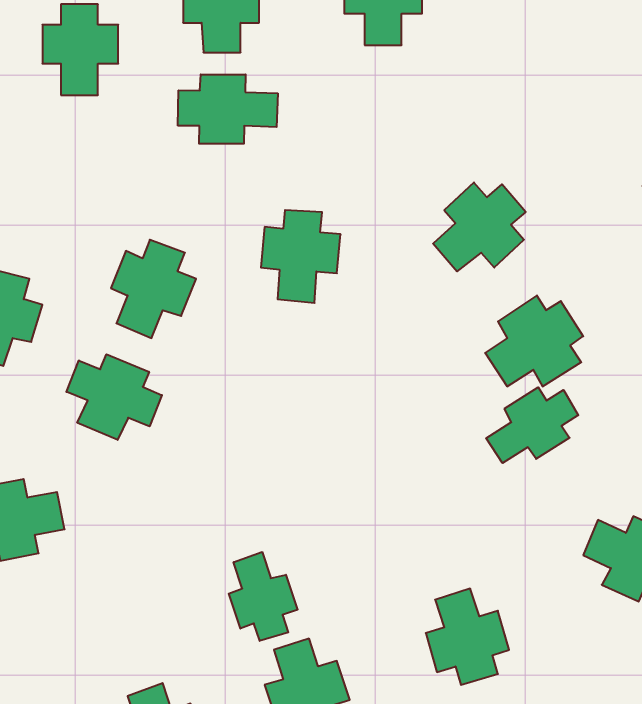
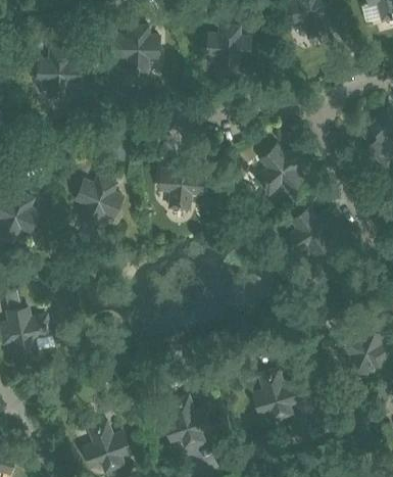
building: [178,74,278,144] -> none
building: [66,354,162,440] -> none
building: [486,387,578,463] -> none
building: [229,552,298,641] -> none

